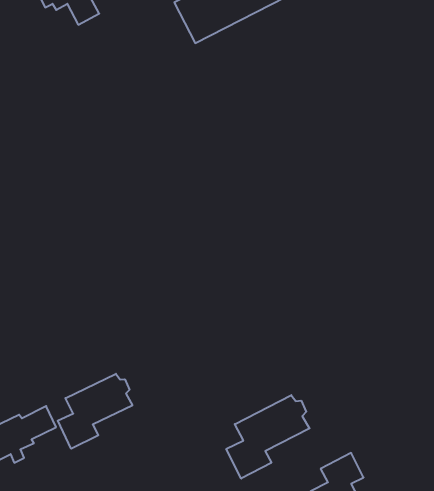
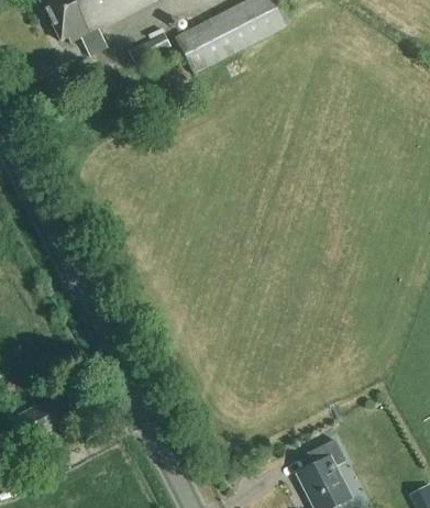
building: [58,374,132,449] -> none
building: [226,395,310,479] -> none

